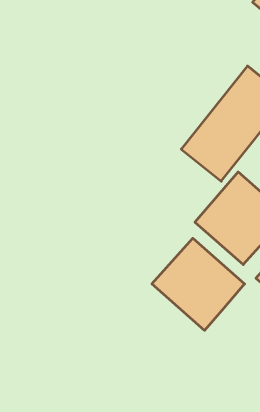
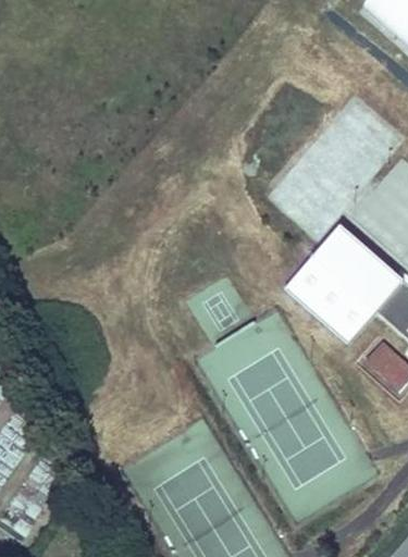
building: [152,238,245,330] -> none

